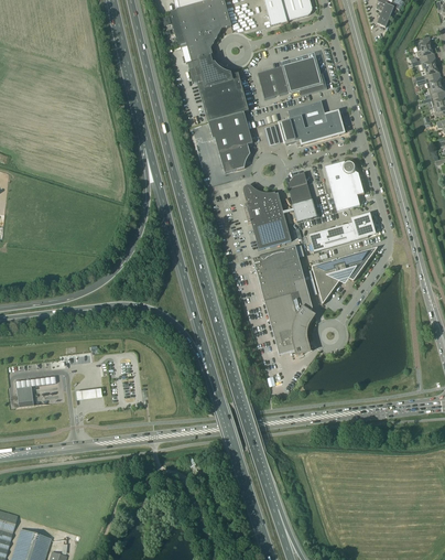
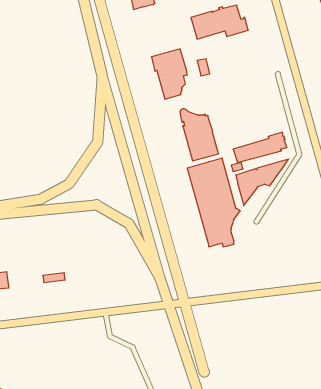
building: [188,55,249,121] -> none
building: [279,99,344,144] -> none
building: [324,160,363,211] -> none
building: [283,171,315,217] -> none

